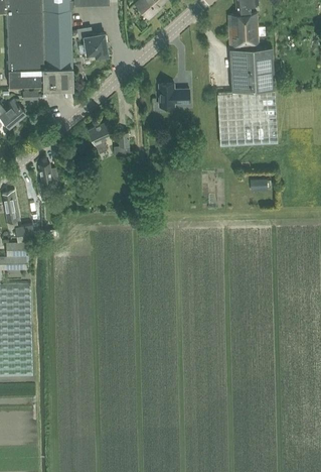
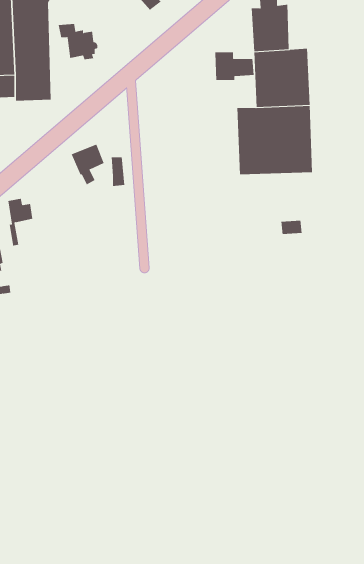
building: [159,84,190,106] -> [214,52,254,80]

